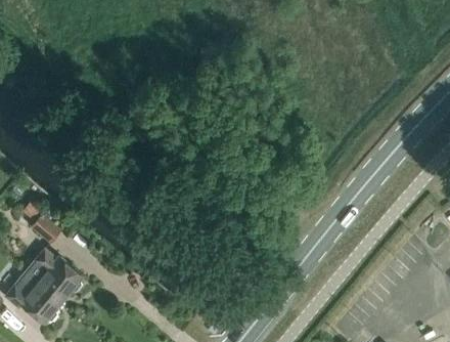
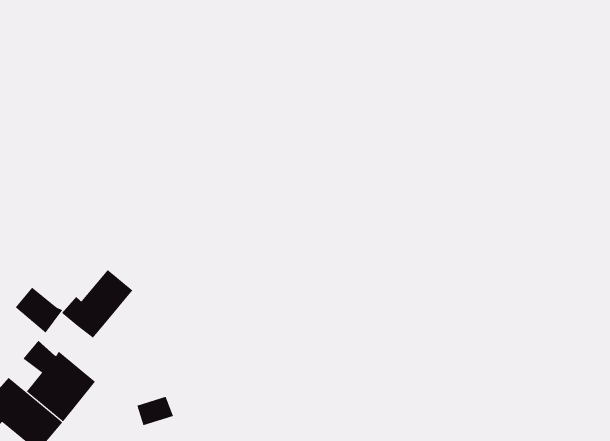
building: none -> [61,269,133,338]

